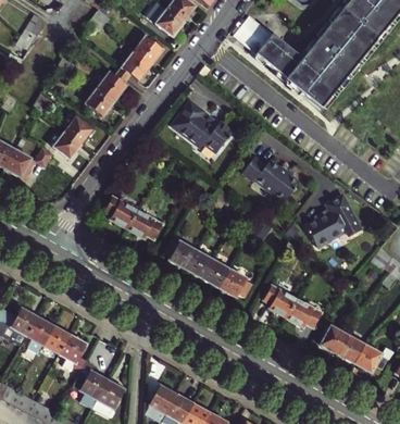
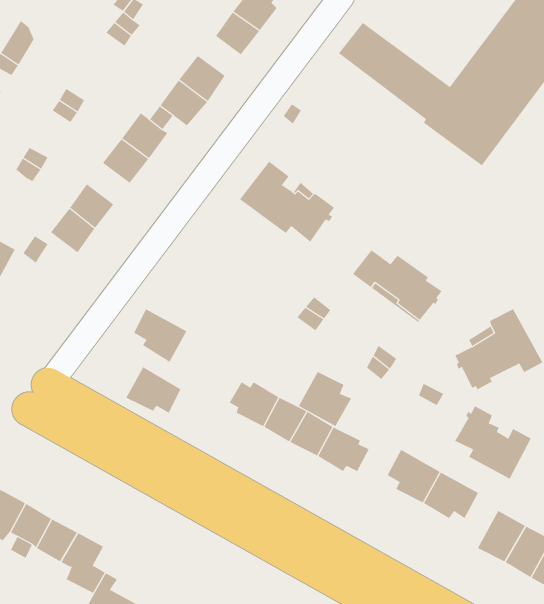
building: [128,209,163,238] -> [126,366,181,413]
building: none -> [298,371,352,427]
building: none -> [454,406,531,480]

